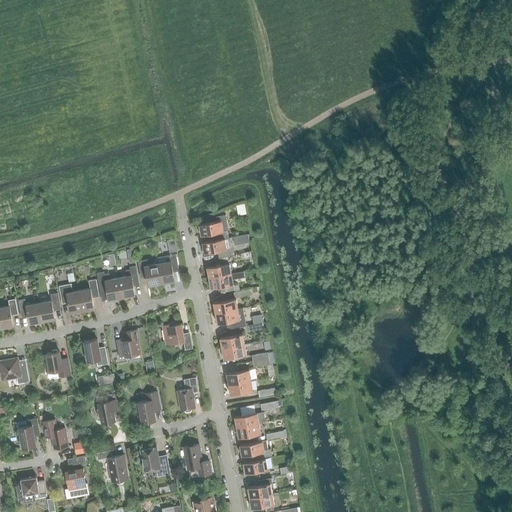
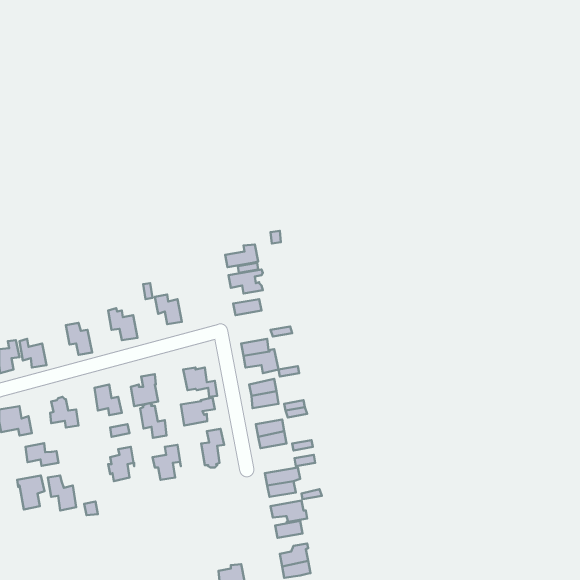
building: [156,255,177,284] -> none
building: [117,266,138,298] -> none
building: [207,272,244,292] -> none
building: [77,280,98,311] -> none
building: [37,293,60,322] -> none
building: none -> [181,397,215,425]
building: none -> [140,403,167,438]
building: none -> [25,443,58,466]
building: [182,445,210,476] -> none
building: [139,448,169,477] -> none
building: [95,451,126,482] -> none
building: [65,455,88,498] -> none
building: [14,477,46,503] -> none

